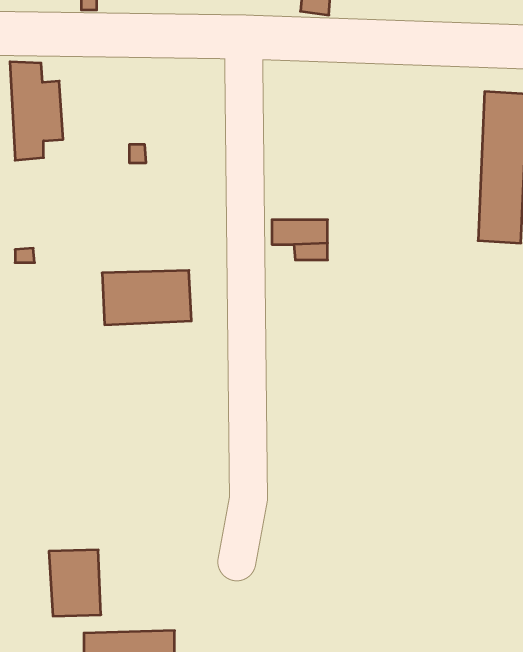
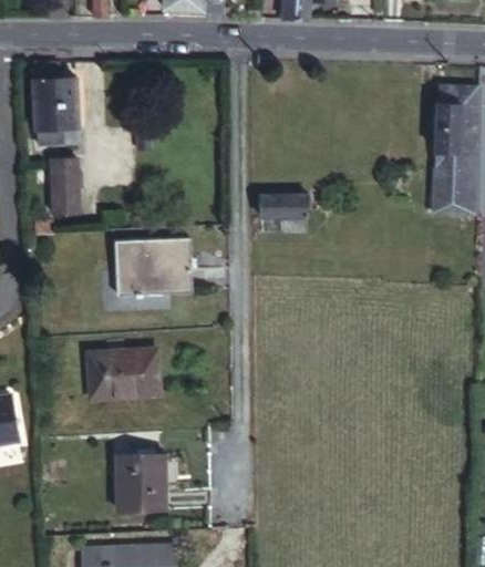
building: none -> [53,156,80,213]
building: none -> [86,349,156,395]
building: [49,550,101,616] -> [122,460,166,516]

